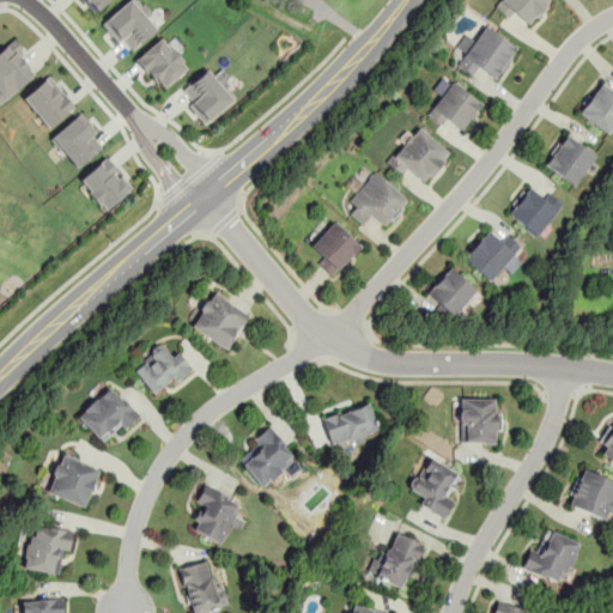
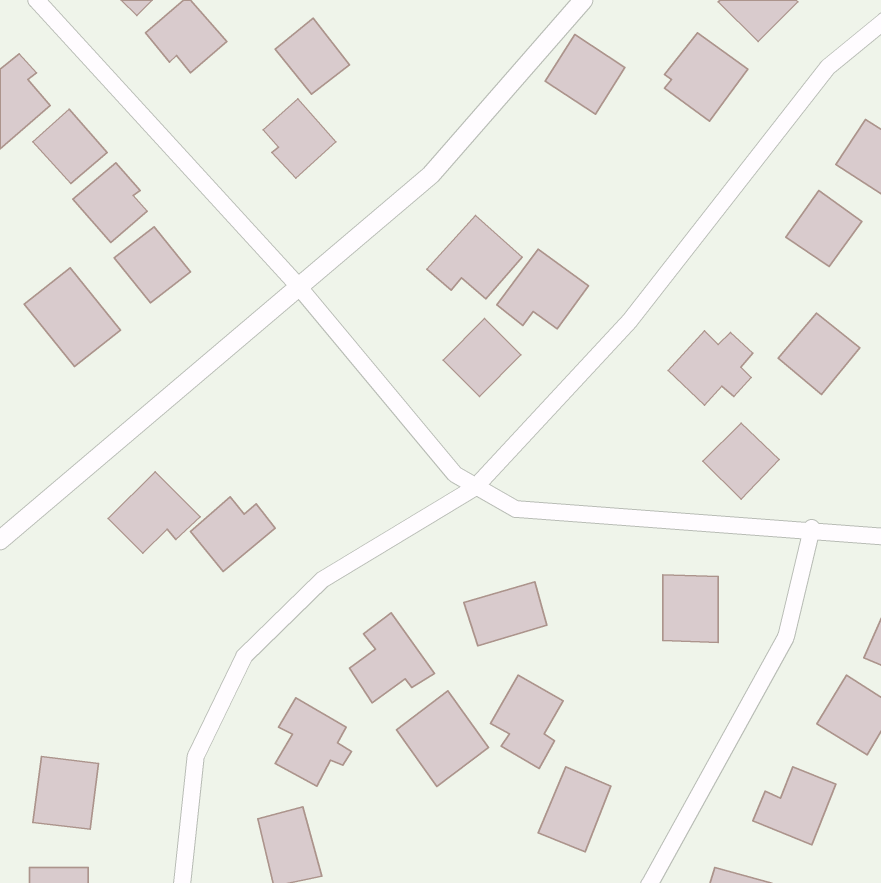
building: [138,37,189,90] -> [275,18,350,94]
building: [429,80,484,135] -> [545,35,625,114]
building: [387,126,453,183] -> [427,216,522,299]
building: [509,182,565,238] -> [778,313,860,394]
building: none -> [24,268,120,367]
building: [427,266,480,318] -> [703,423,779,499]
building: [192,291,250,350] -> none
building: [79,384,142,441] -> [108,472,200,553]
building: [48,454,101,506] -> none
building: [412,456,462,521] -> [491,675,563,769]
building: none -> [396,691,488,787]

